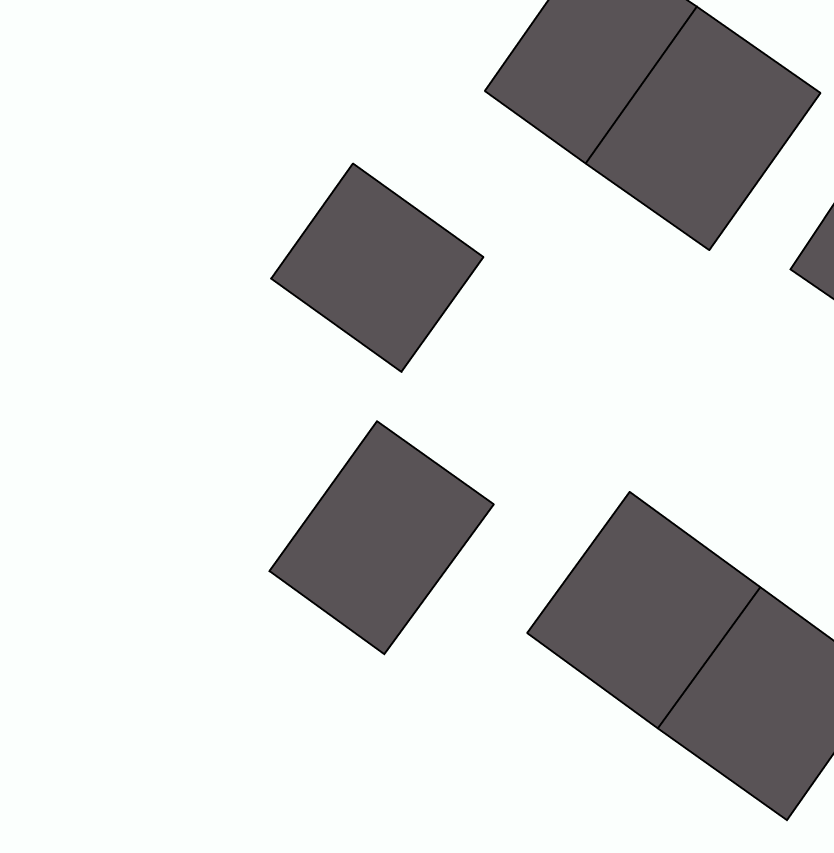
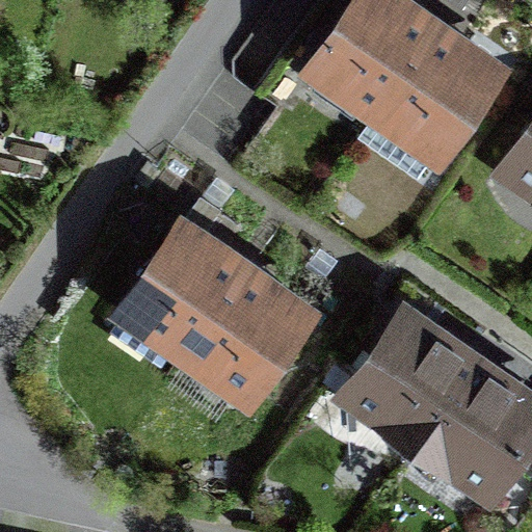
building: [271,164,483,372] -> none
building: none -> [111,219,249,361]

